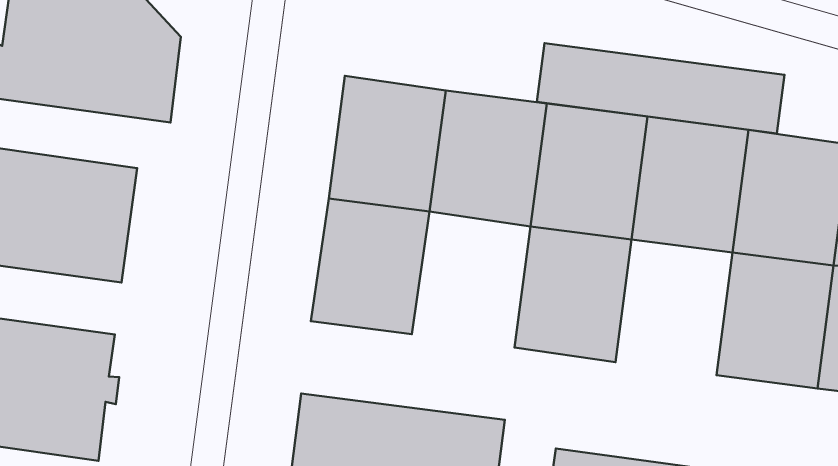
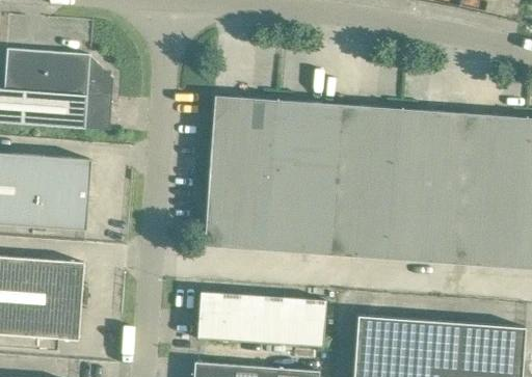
building: [537,43,785,133] -> none
building: none -> [265,176,334,255]
building: none -> [391,185,458,265]

